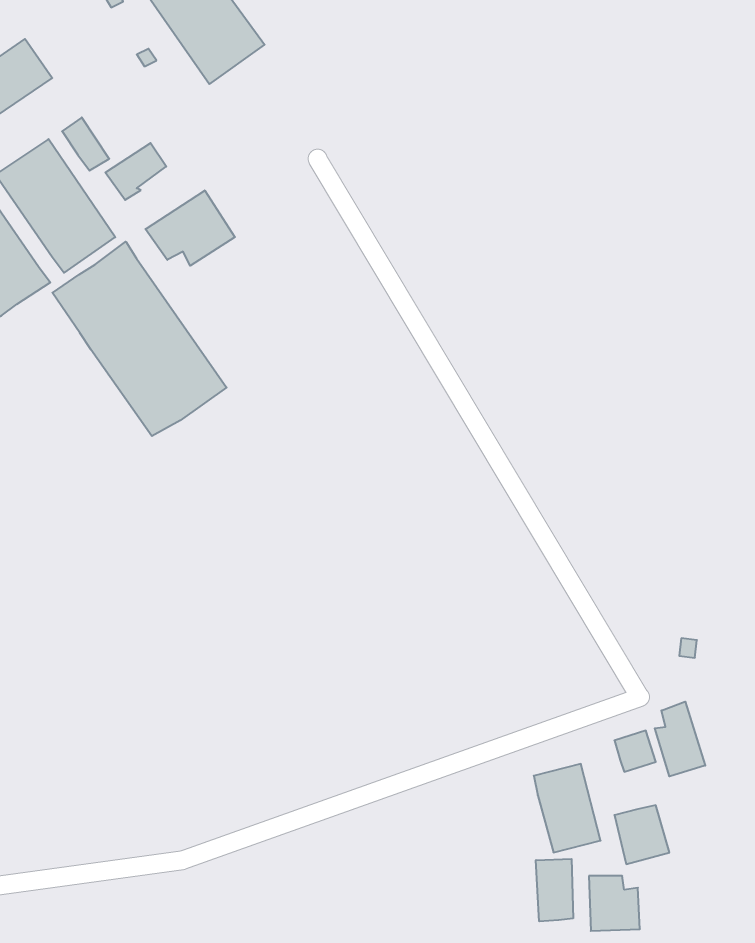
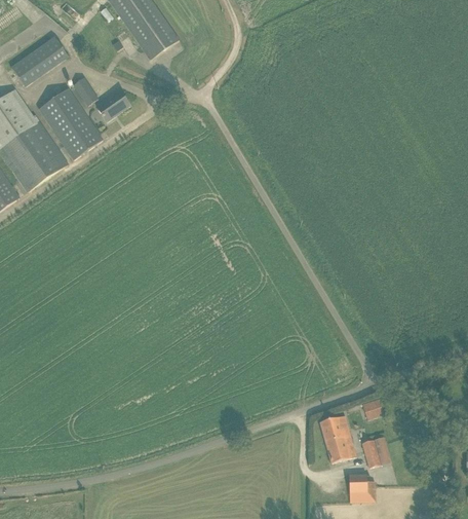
building: [145,190,235,266] -> none
building: [52,242,227,436] -> none
building: [655,702,705,776] -> none
building: [536,859,573,921] -> none

